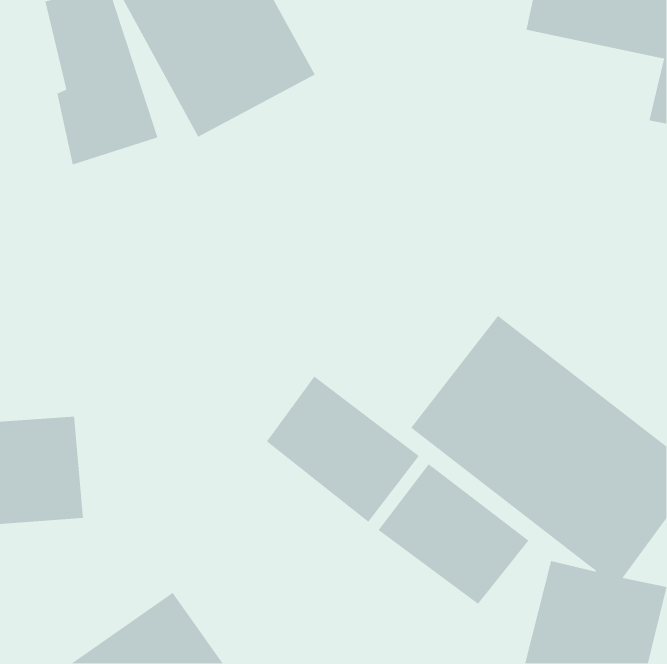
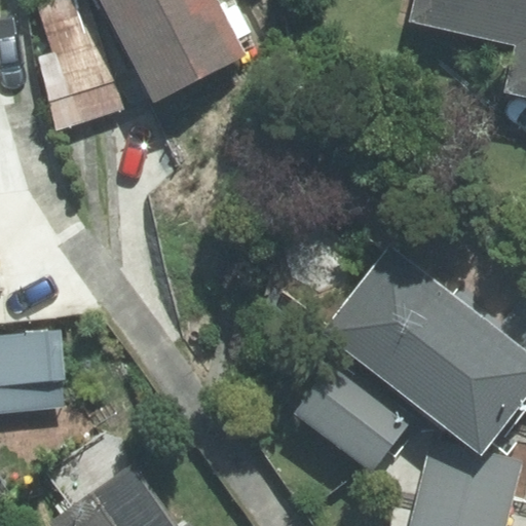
building: [266,375,420,523] -> none

